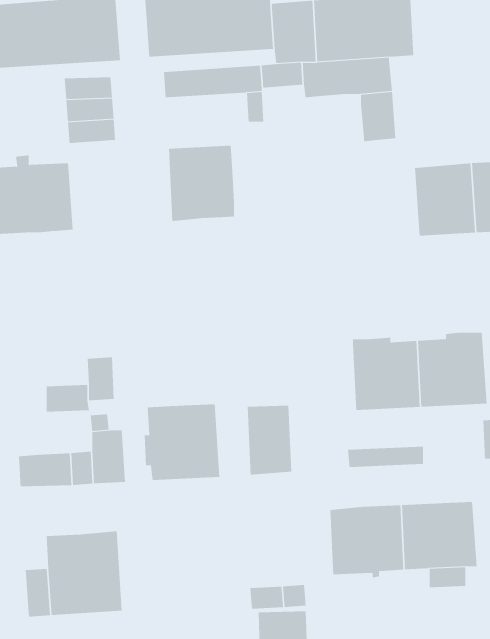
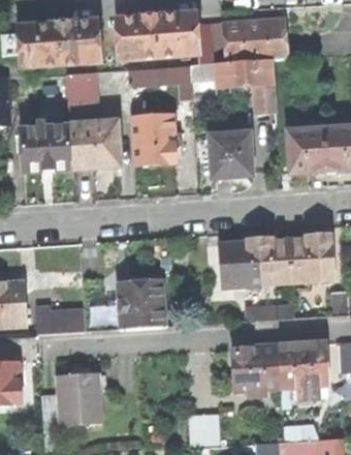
building: none -> [69,122,119,170]
building: none -> [211,133,252,177]
building: [247,405,292,475] -> [222,242,251,286]

